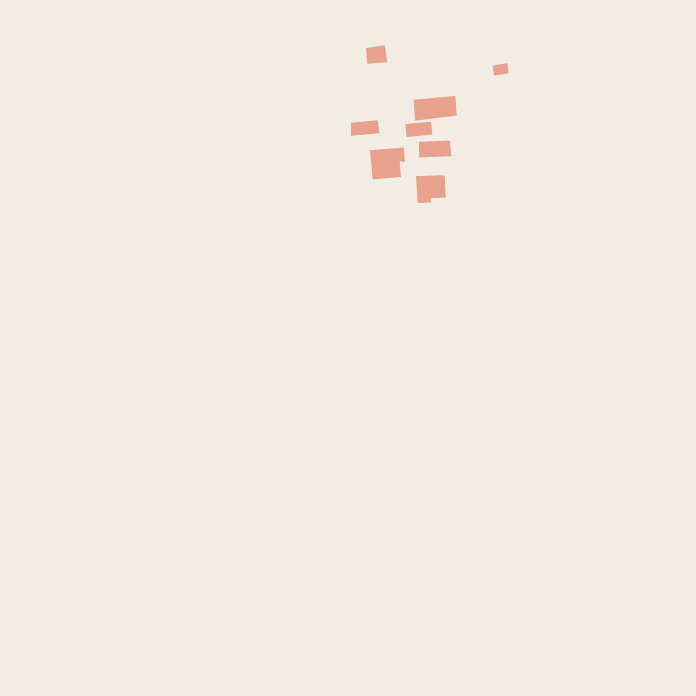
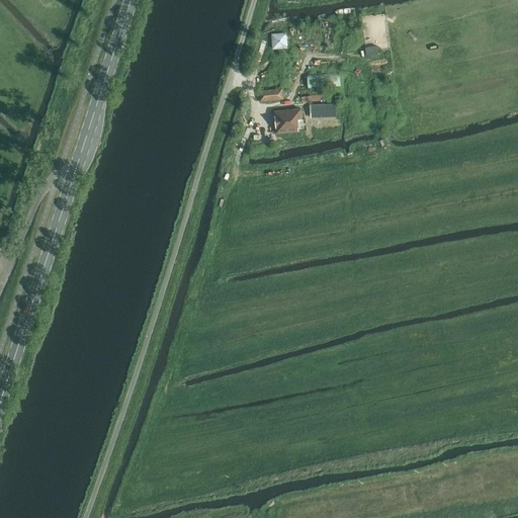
building: [415,174,446,204] -> none

